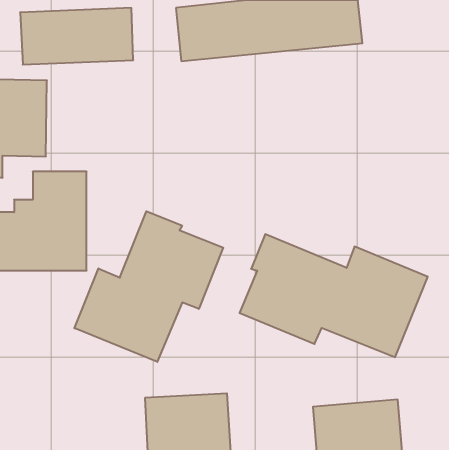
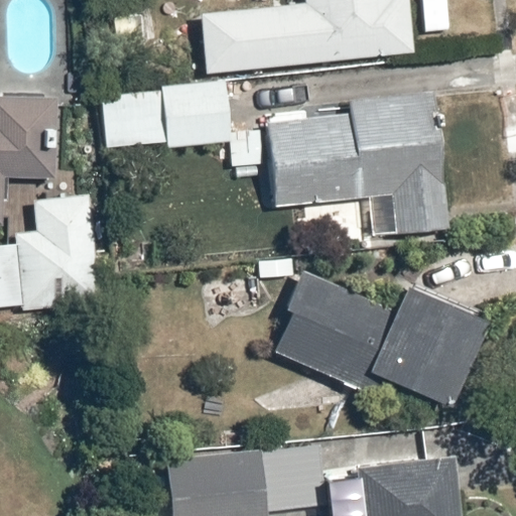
building: [20,8,133,65] -> [101,83,230,147]
building: none -> [267,98,446,238]
building: [74,211,223,362] -> none

